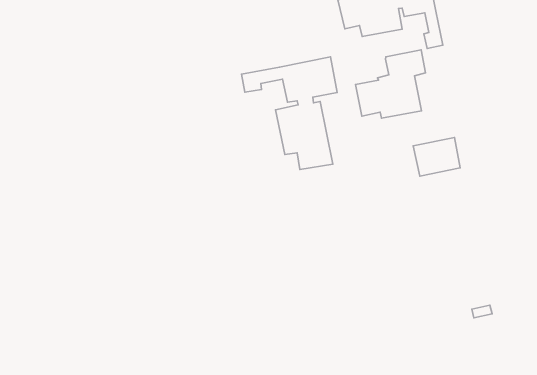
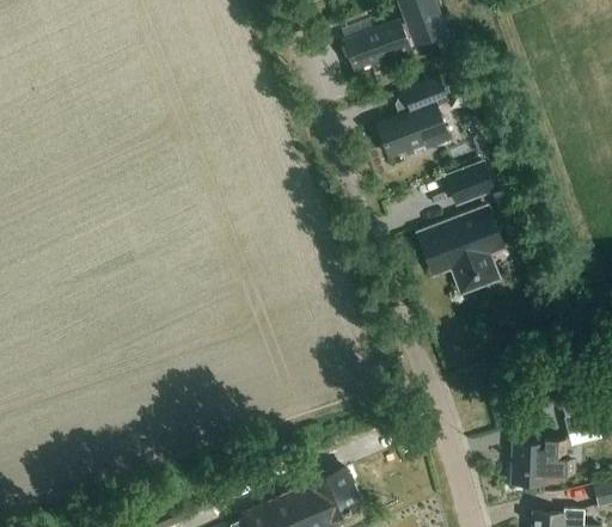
building: [242,57,337,169] -> none
building: none -> [418,207,503,294]

